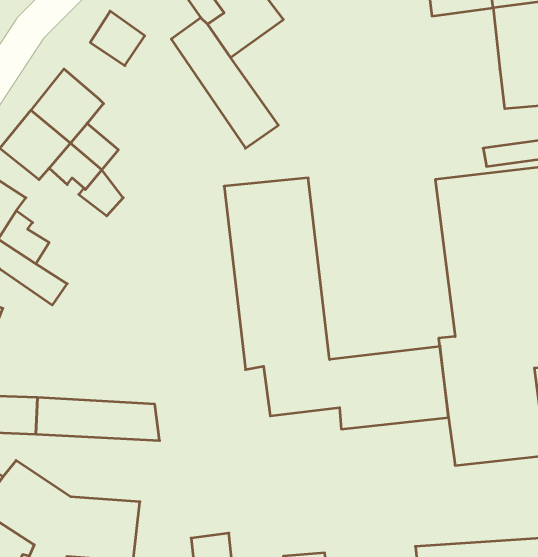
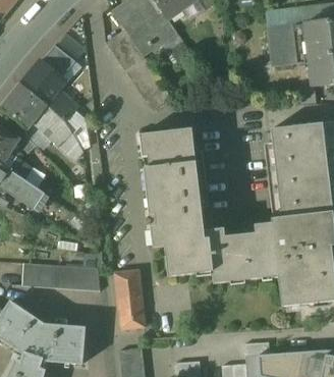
building: none -> [268,22,310,64]
building: none -> [41,46,75,78]
building: none -> [115,269,145,329]

